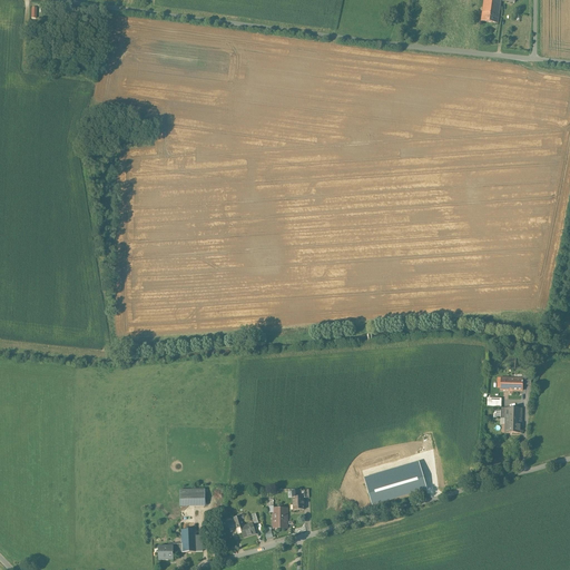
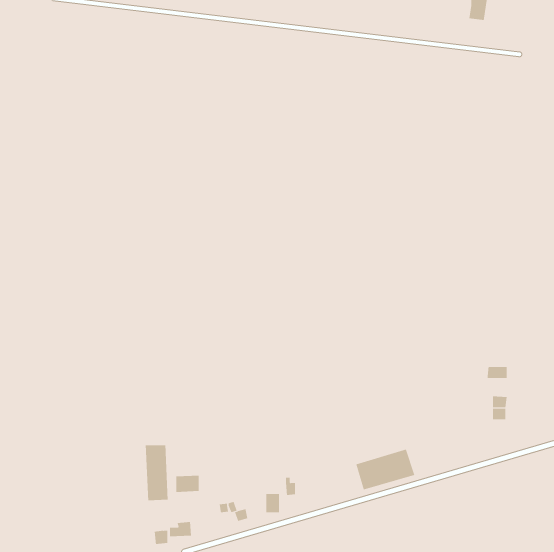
building: none -> [145,444,168,501]

